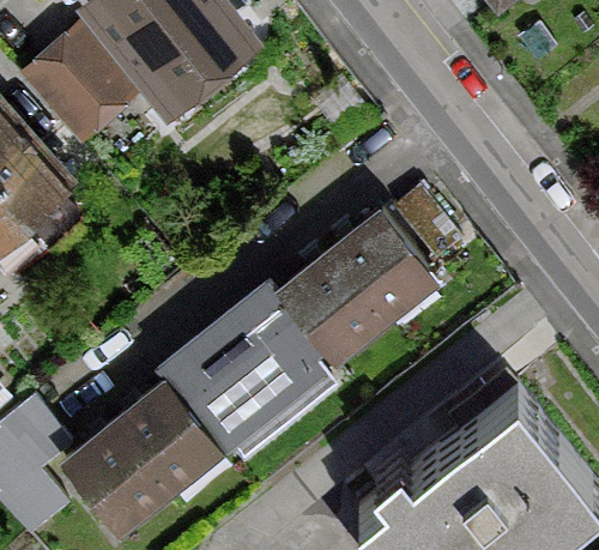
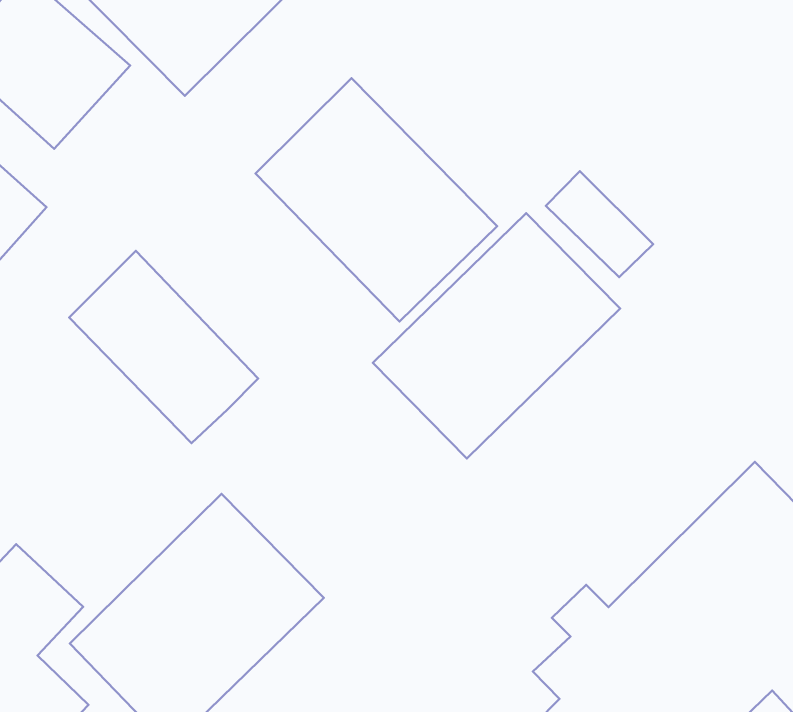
building: none -> [256,78,497,322]
building: none -> [69,251,258,443]
building: [162,285,343,465] -> none

